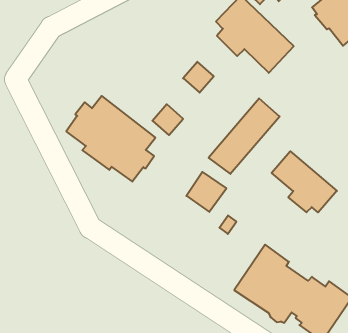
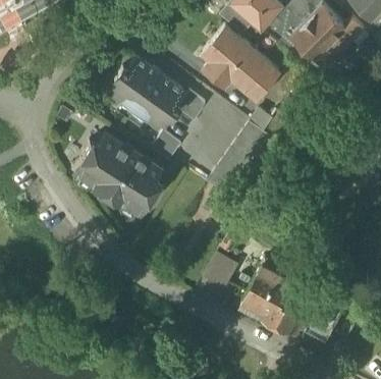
building: none -> [107,56,182,127]
building: [272,151,337,212] -> none
building: [186,172,226,212] -> [203,256,239,292]

